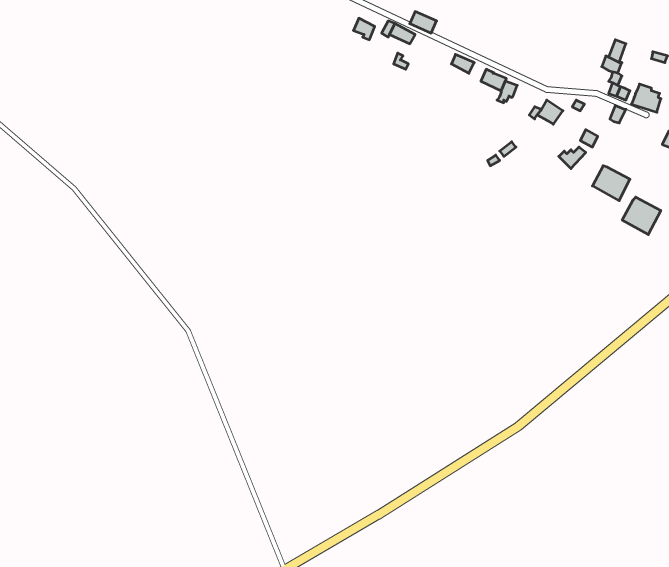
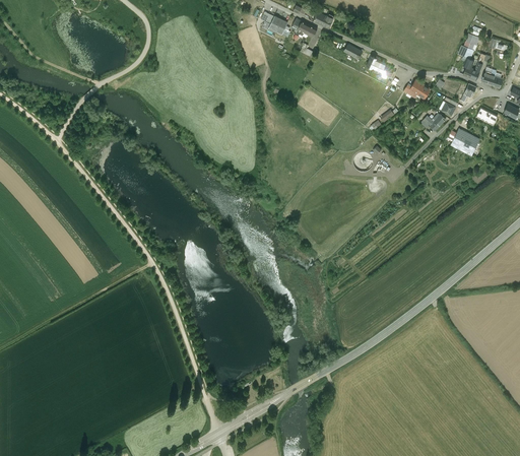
building: [622,197,661,235] -> none

